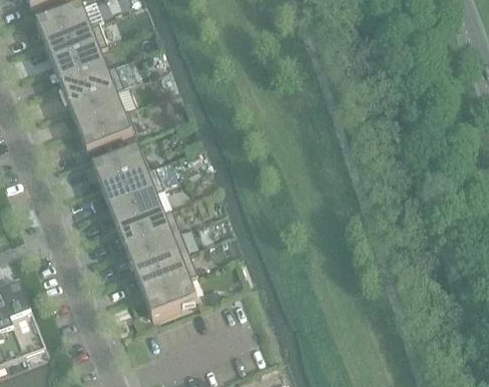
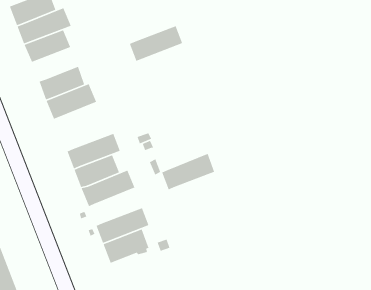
building: [62,68,124,110] -> [129,25,183,62]
building: [93,148,156,190] -> none
building: [127,233,189,276] -> [161,153,215,191]

